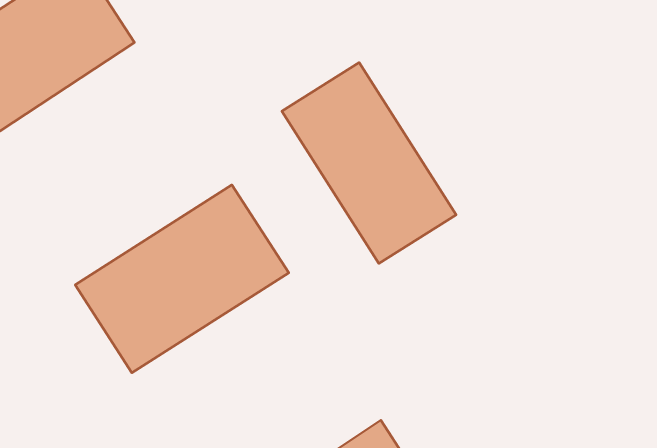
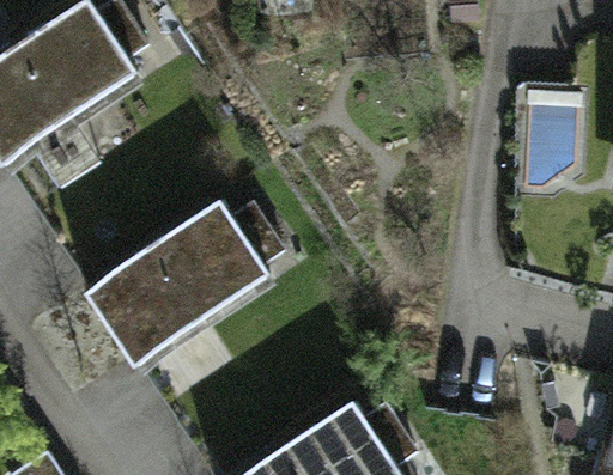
building: [282,62,456,263] -> none

